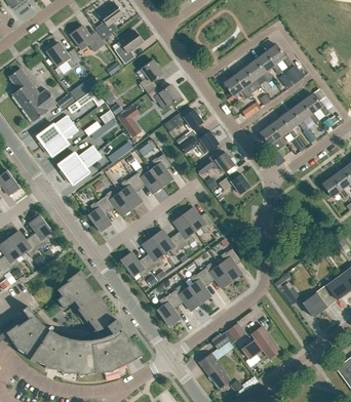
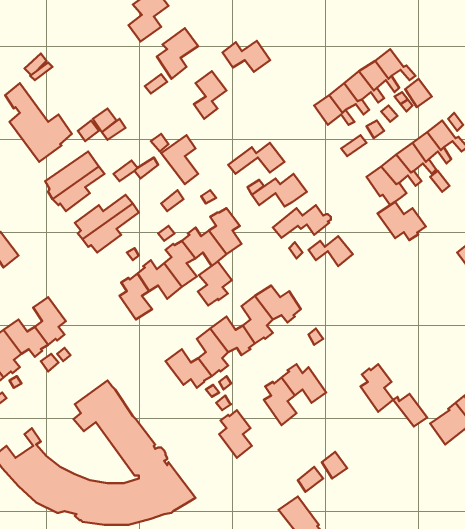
building: [70,25,104,51] -> none
building: [46,42,81,68] -> none
building: [147,84,180,106] -> [223,41,270,72]
building: none -> [378,202,426,240]
building: none -> [198,262,232,306]
building: [219,248,241,281] -> [360,364,393,412]
building: [169,285,200,311] -> none
building: [241,326,280,359] -> none

